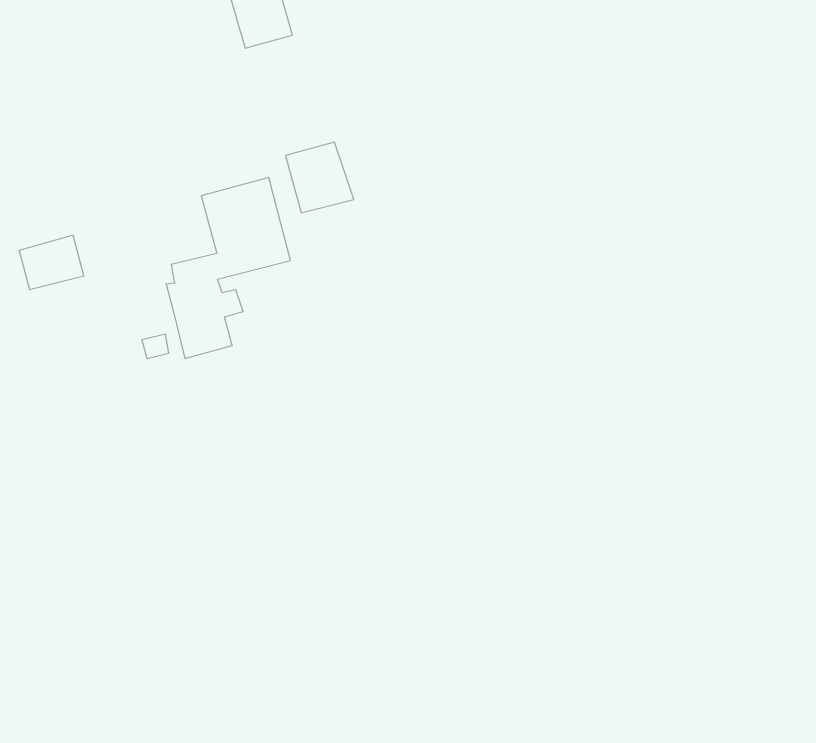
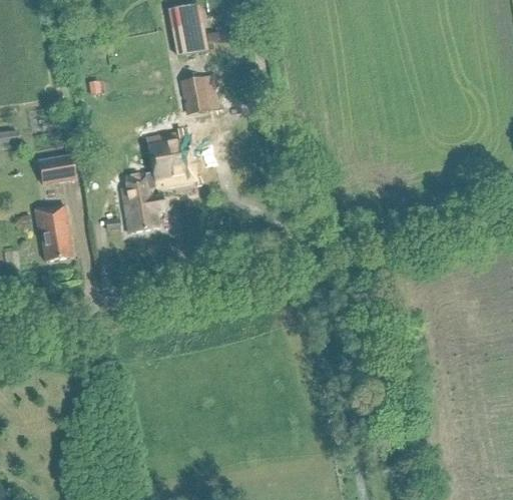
building: [286,142,354,213] -> [182,73,219,112]
building: none -> [33,203,71,261]

